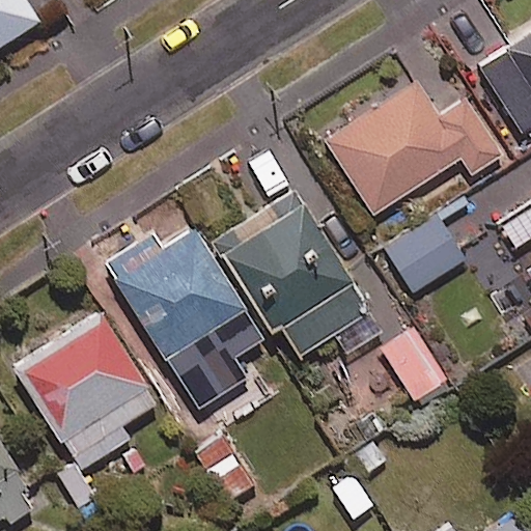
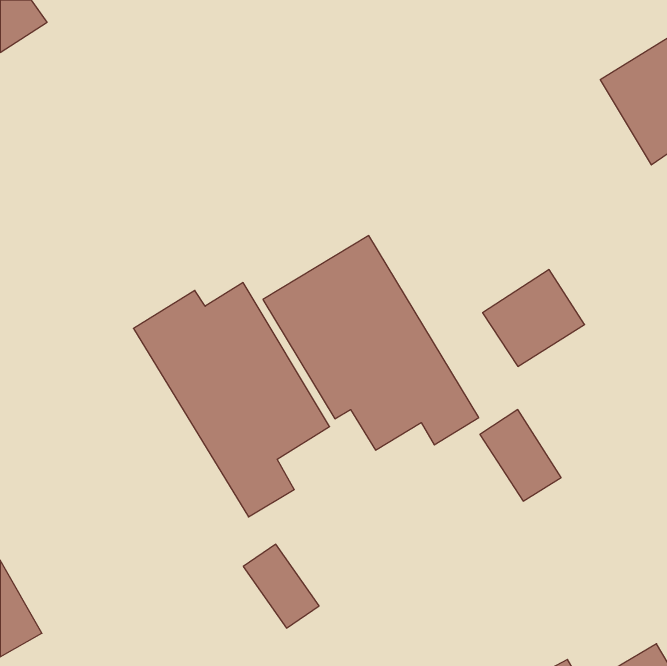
building: [324,80,502,216] -> none
building: [20,317,156,470] -> none

